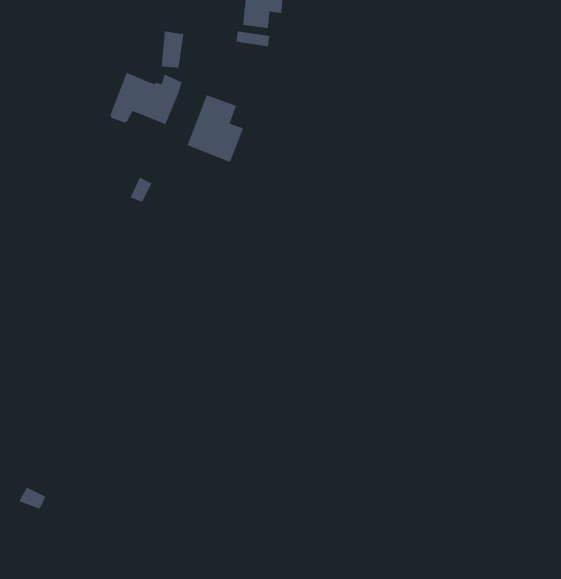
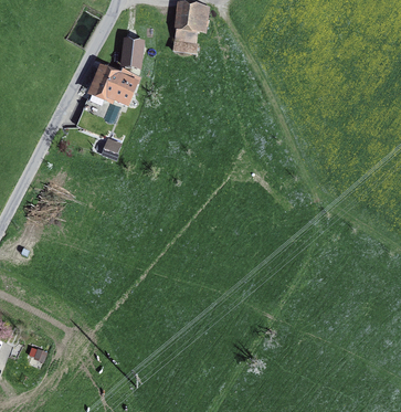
building: [186,94,244,163] -> none

